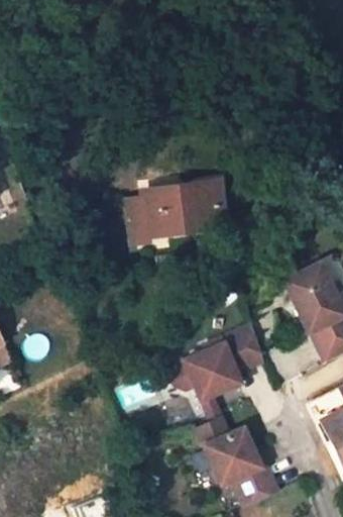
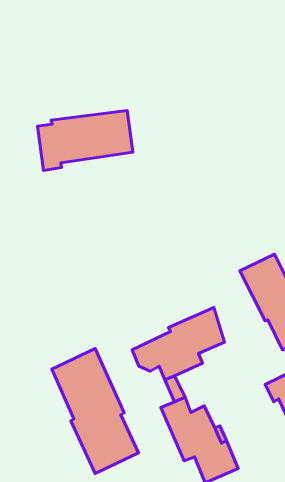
building: [127,182,227,244] -> [38,111,133,170]
building: none -> [52,348,139,474]

